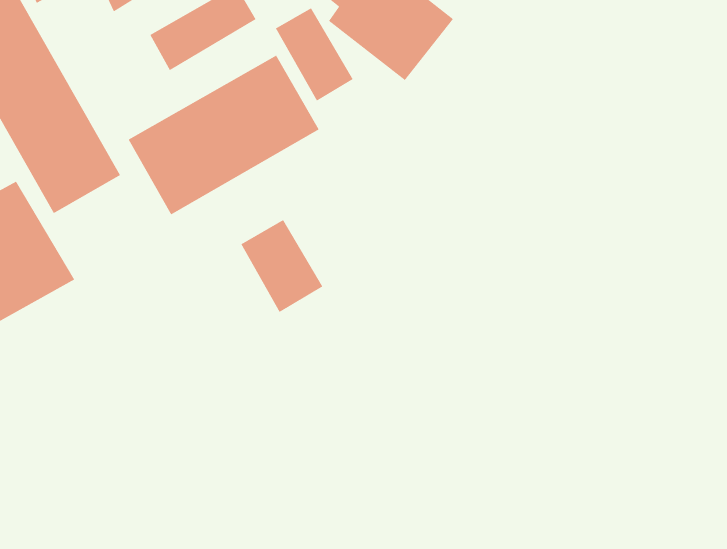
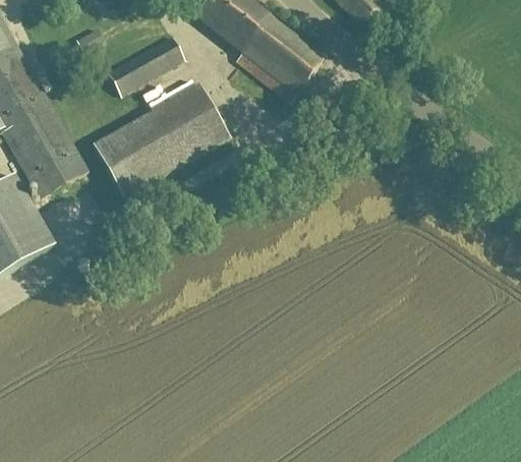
building: [275,7,354,101] -> none
building: [240,219,323,313] -> none

